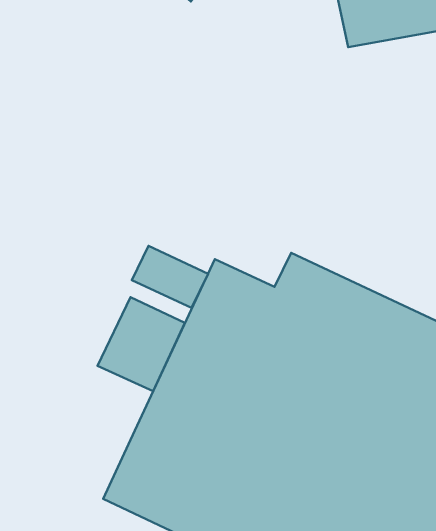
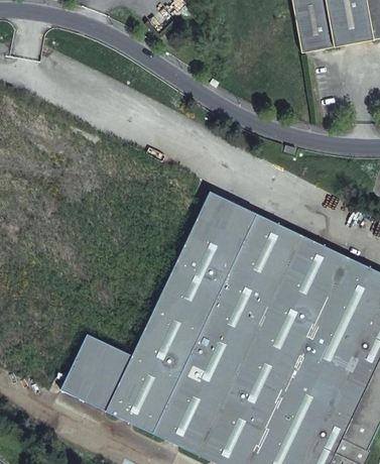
building: [132,246,208,308] -> [196,192,256,241]
building: [97,297,185,391] -> [62,335,132,410]

